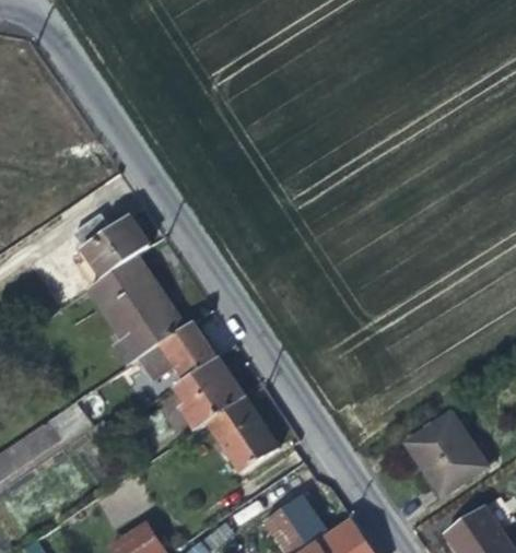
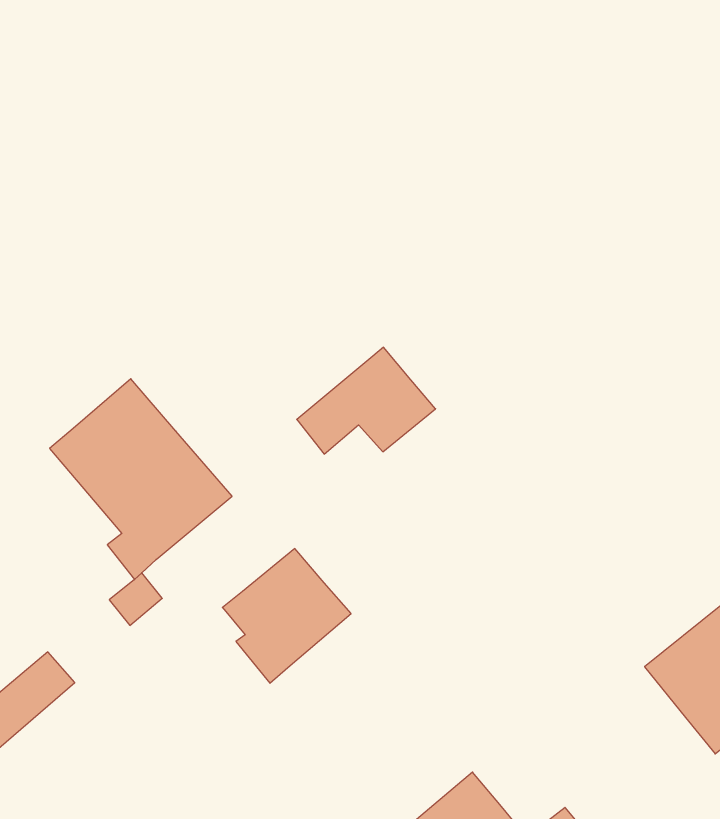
building: [72,216,151,281] -> none
building: [141,323,219,381] -> [297,347,436,454]
building: [208,400,279,474] -> none

